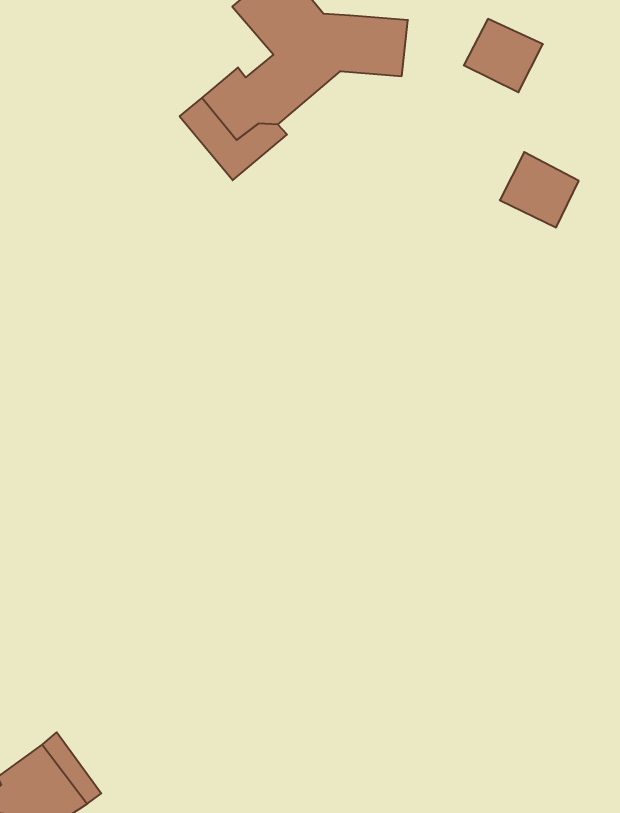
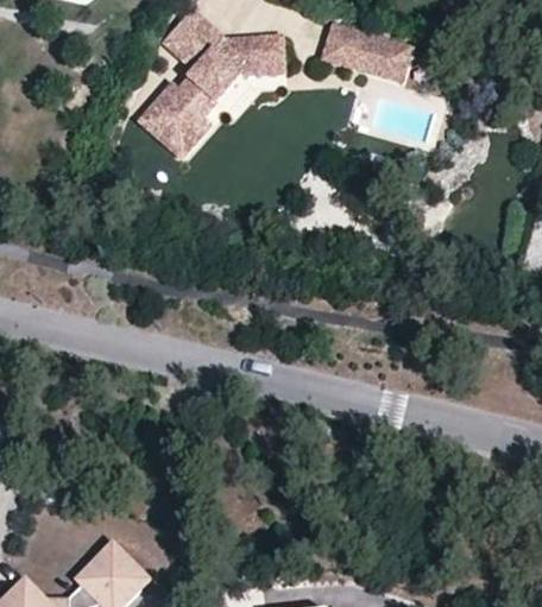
building: [500,152,579,227] -> [363,37,414,84]

